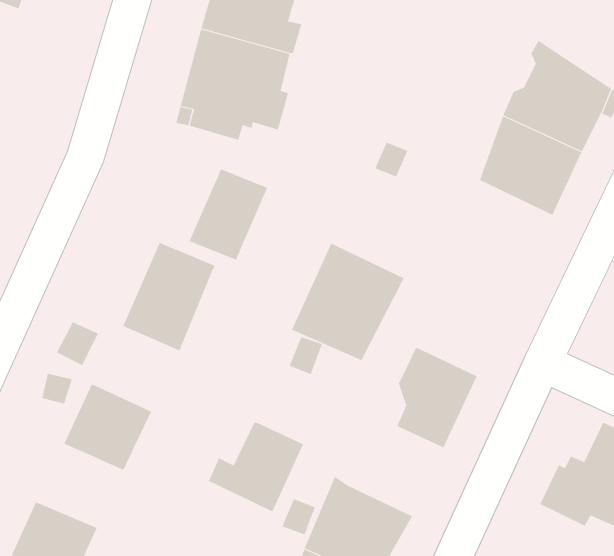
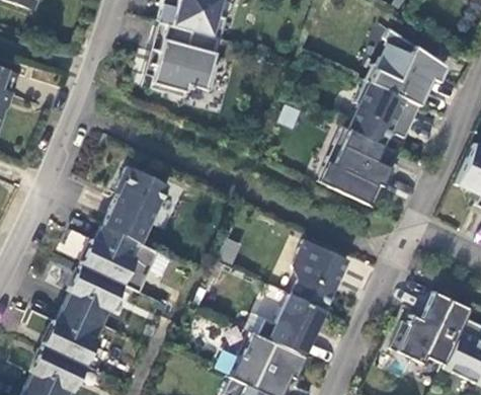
building: [189,168,268,261] -> none
building: [291,243,405,361] -> [322,125,400,206]
building: none -> [83,225,144,284]
building: [208,422,304,512] -> [259,294,325,356]
building: none -> [45,306,105,364]

